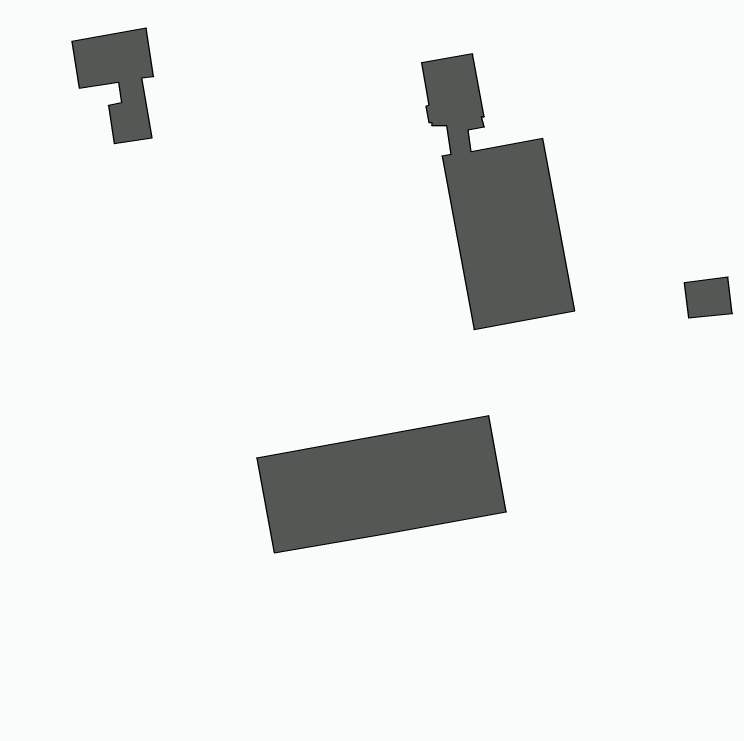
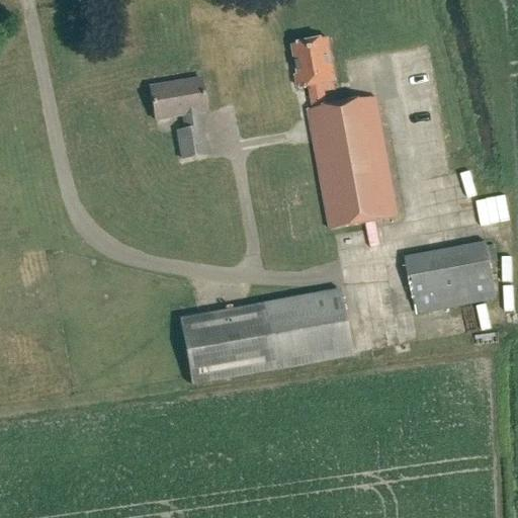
building: [72,28,154,144] -> [150,77,206,157]
building: none -> [406,241,496,310]

